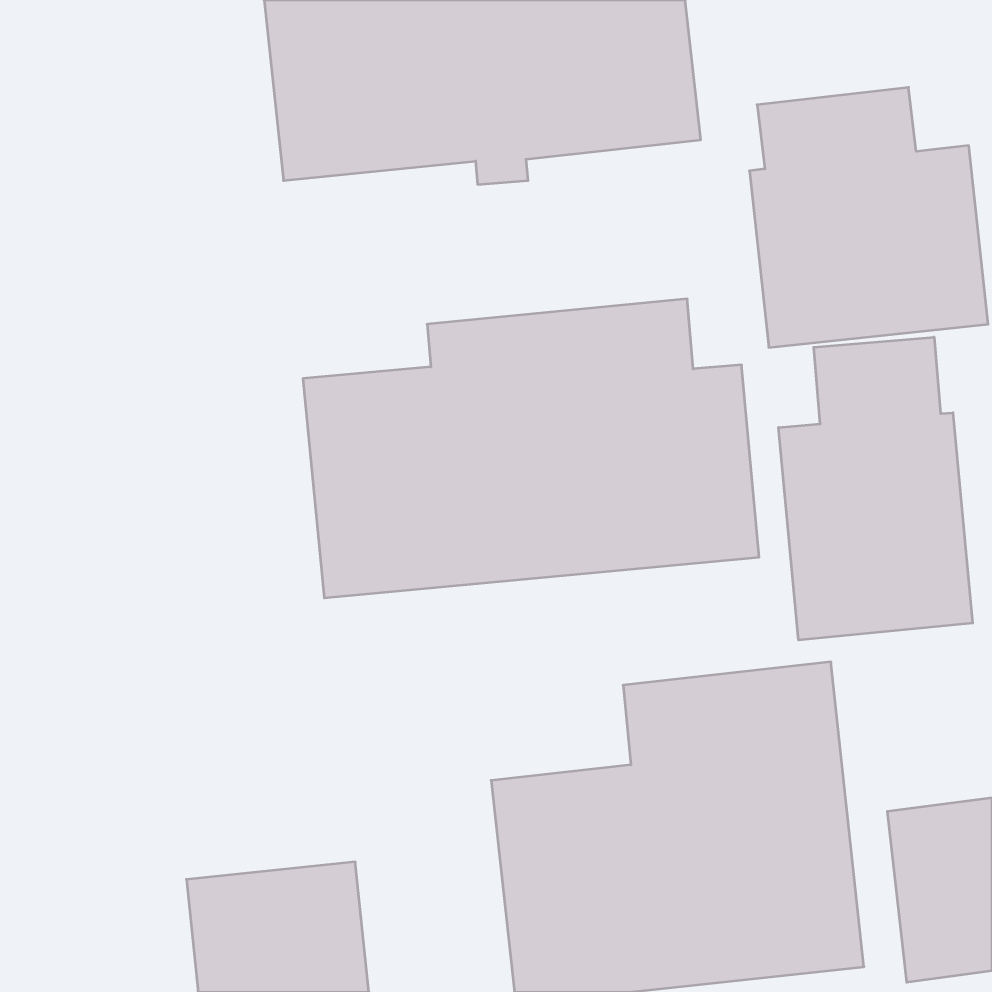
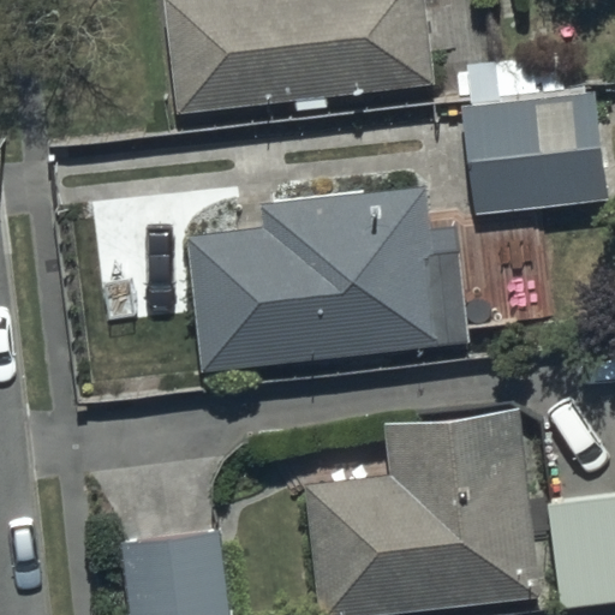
building: [779,337,973,640] -> none

